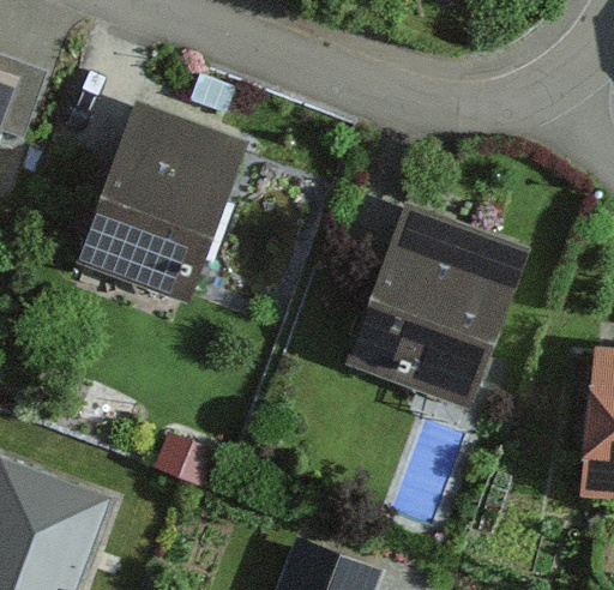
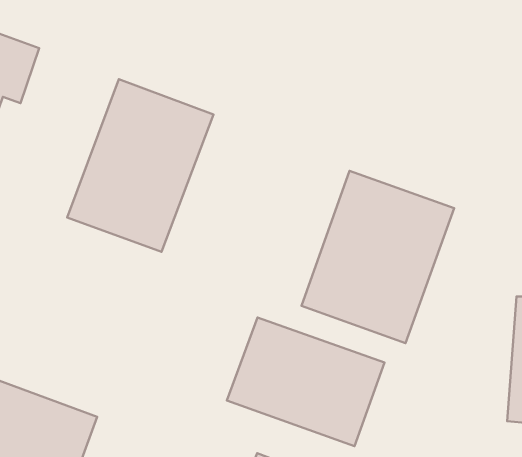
building: none -> [227,318,385,446]

